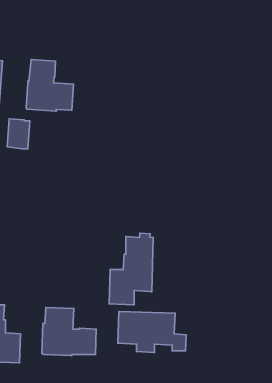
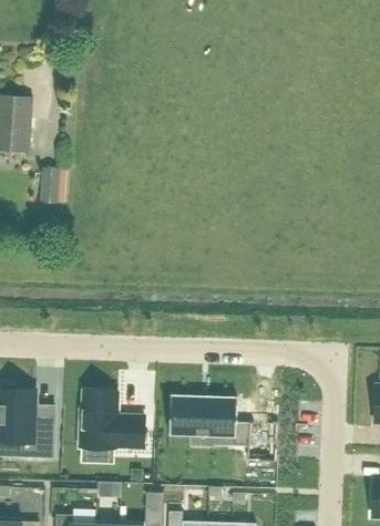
building: [26,60,74,111] -> none
building: [109,233,153,305] -> none

